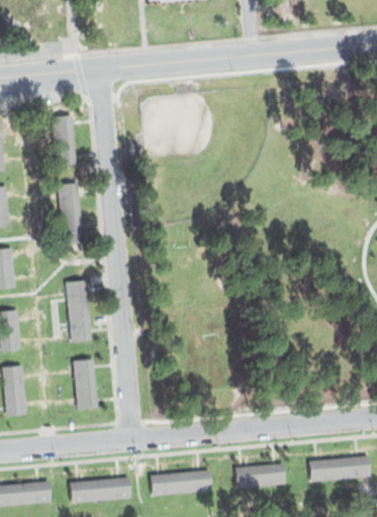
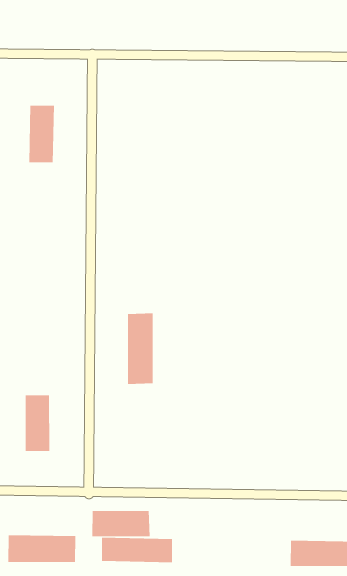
building: [57,182,83,243] -> none
building: [64,279,92,341] -> [127,313,154,385]
building: [233,462,285,490] -> [92,510,150,537]

